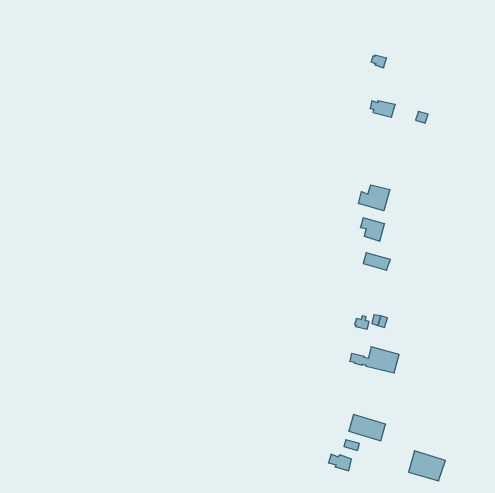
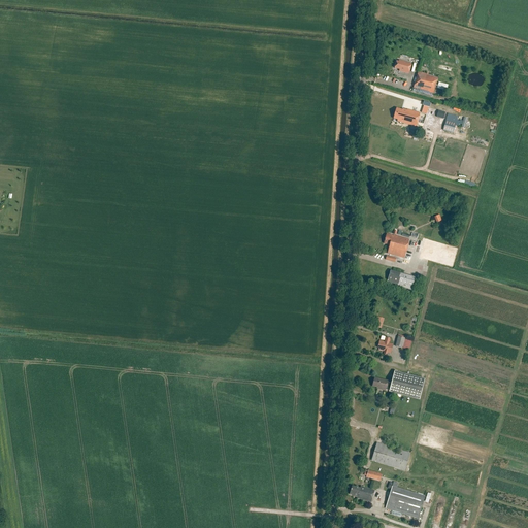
building: none -> [414,69,438,93]
building: [358,185,390,211] -> none
building: [409,451,445,481] -> [386,485,425,517]

